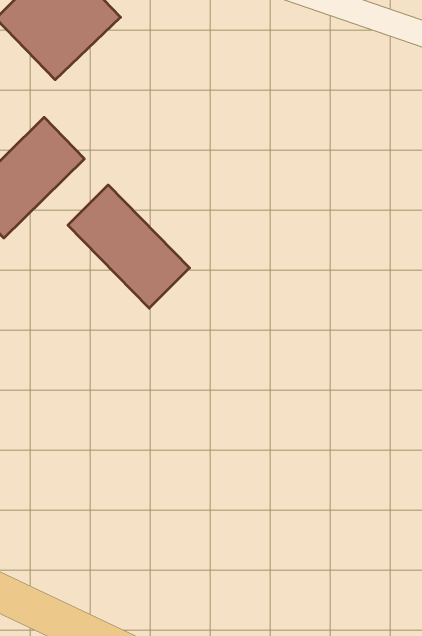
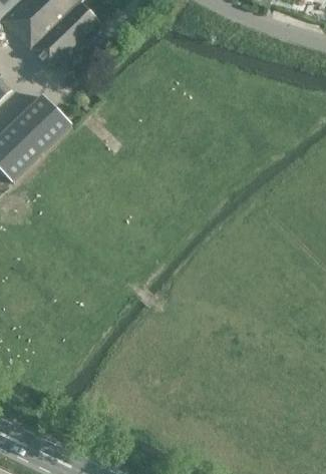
building: [68,185,190,308] -> none

